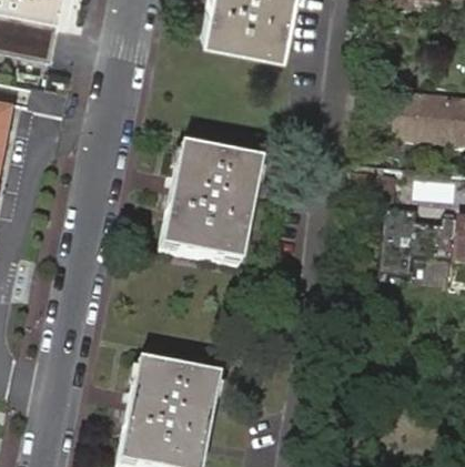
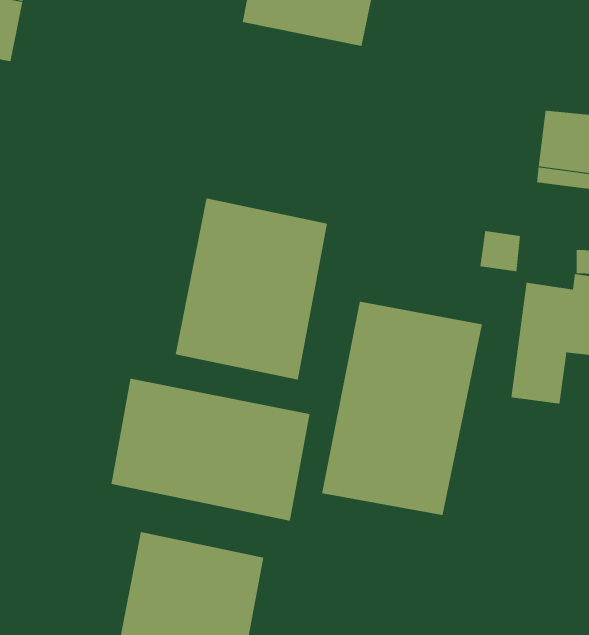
building: none -> [321,301,482,516]
building: none -> [111,378,310,521]

